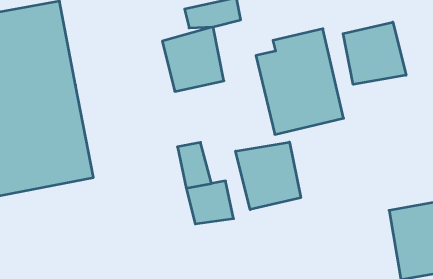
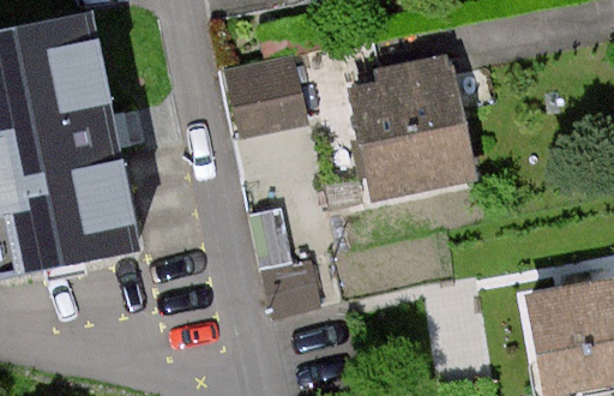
building: [343,22,406,84] -> none
building: [236,142,301,210] -> none

